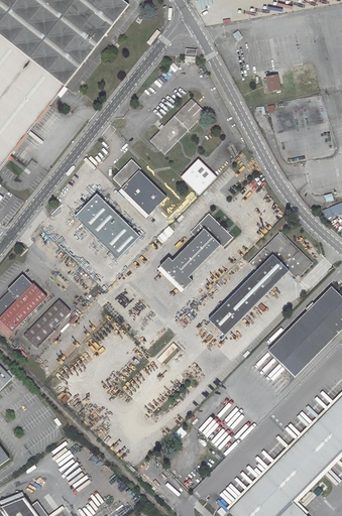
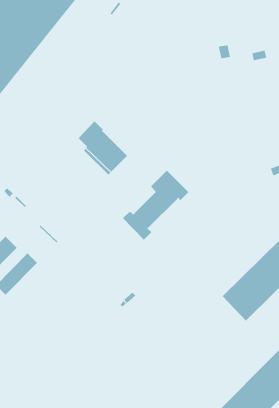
building: [148,98,206,154] -> none
building: [181,158,216,195] -> none
building: [74,194,138,259] -> none
building: [209,231,313,335] -> none

